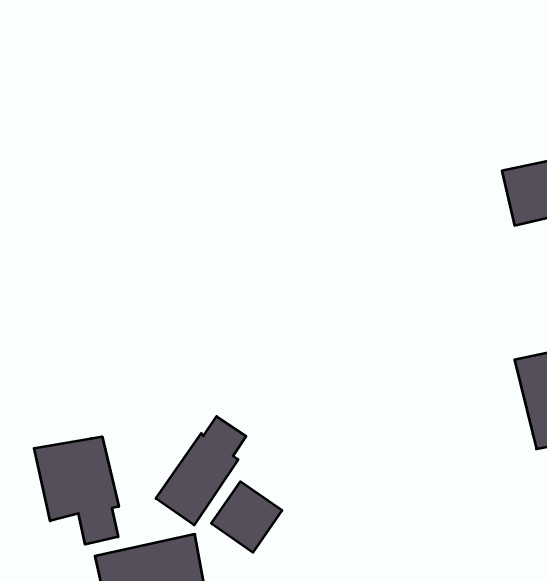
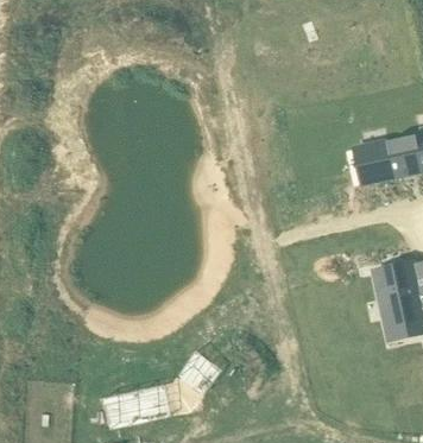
building: [156,416,246,525] -> none
building: [34,437,119,544] -> none

